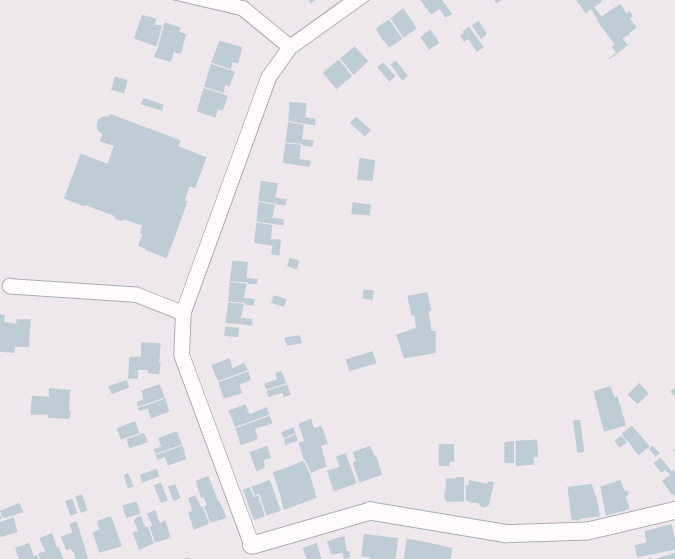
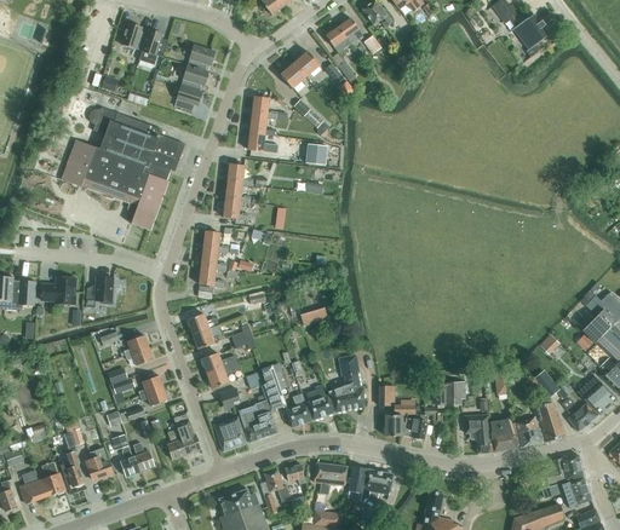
building: [395,292,437,359] -> [328,355,363,411]
building: [127,342,162,379] -> [85,276,114,307]
building: [592,385,627,433] -> [535,402,564,442]
building: [30,388,71,419] -> [40,277,75,304]
building: none -> [464,414,492,453]

